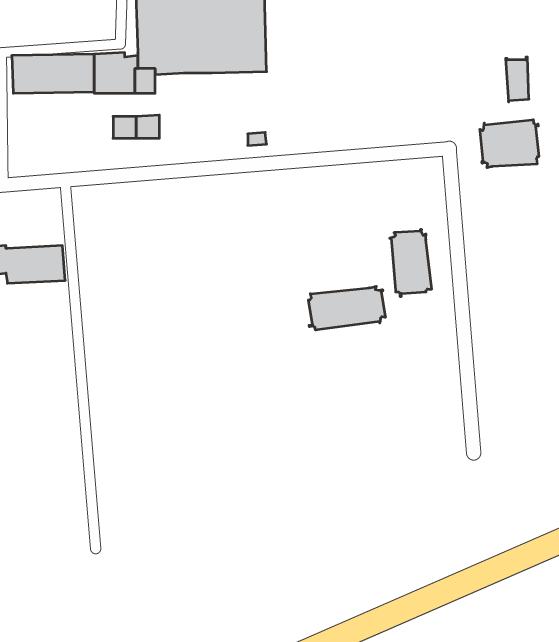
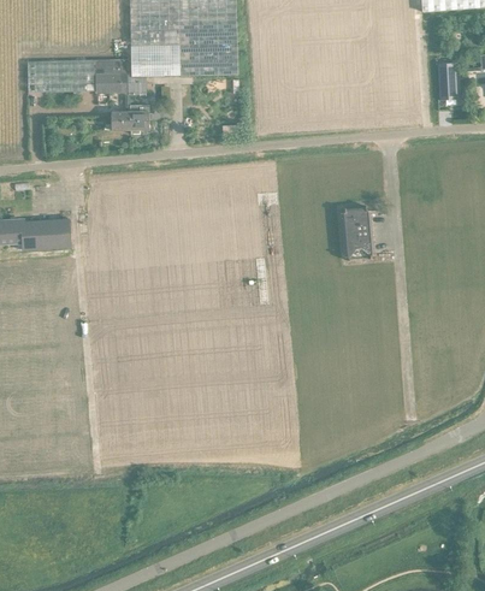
building: [480,120,539,168] -> none
building: [308,286,385,330] -> none

